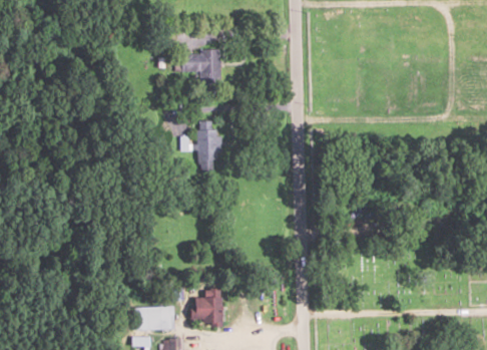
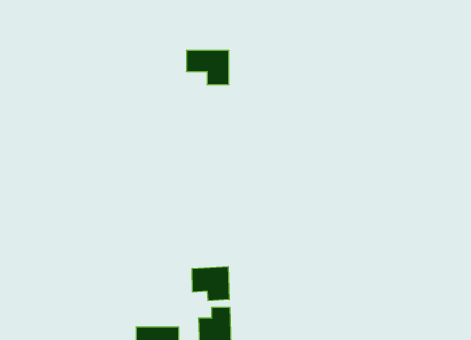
building: [197,122,221,169] -> none
building: none -> [192,267,229,301]

